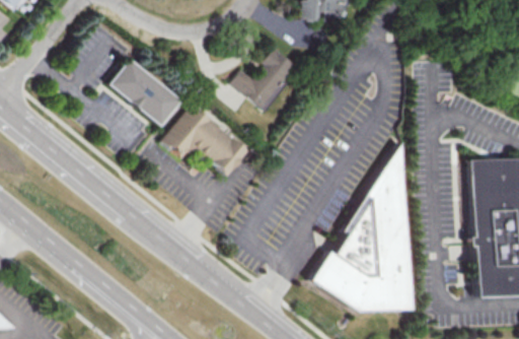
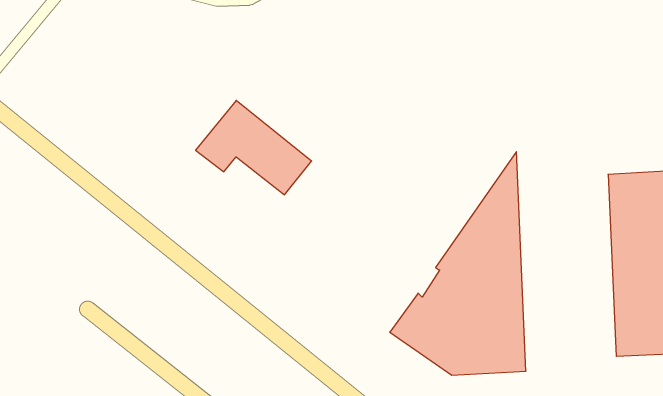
building: [230,48,296,111] -> none
building: [108,59,179,126] -> none

